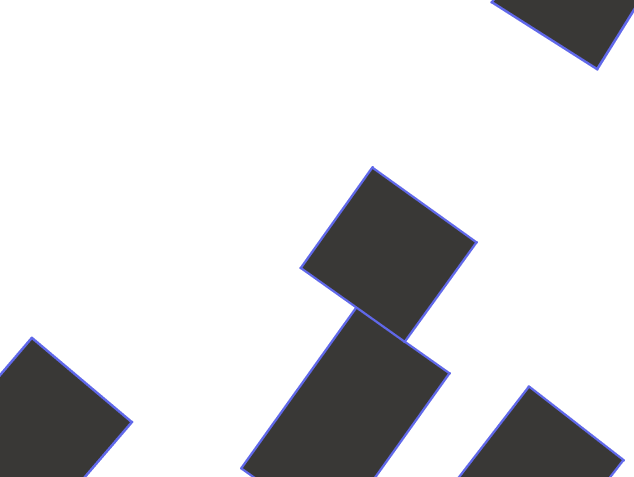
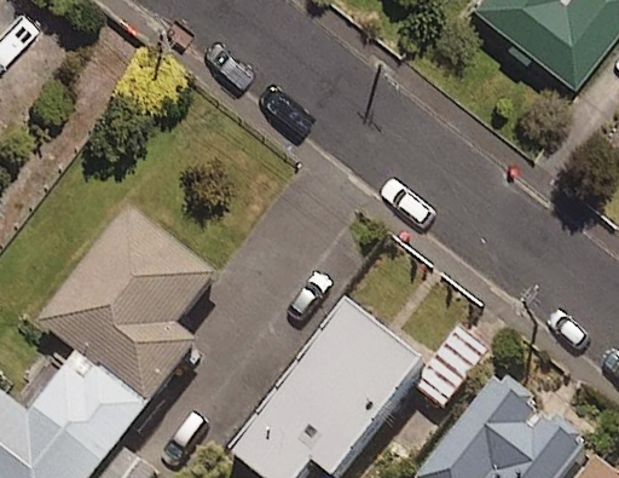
building: [301,167,477,342] -> none
building: none -> [47,211,219,388]

